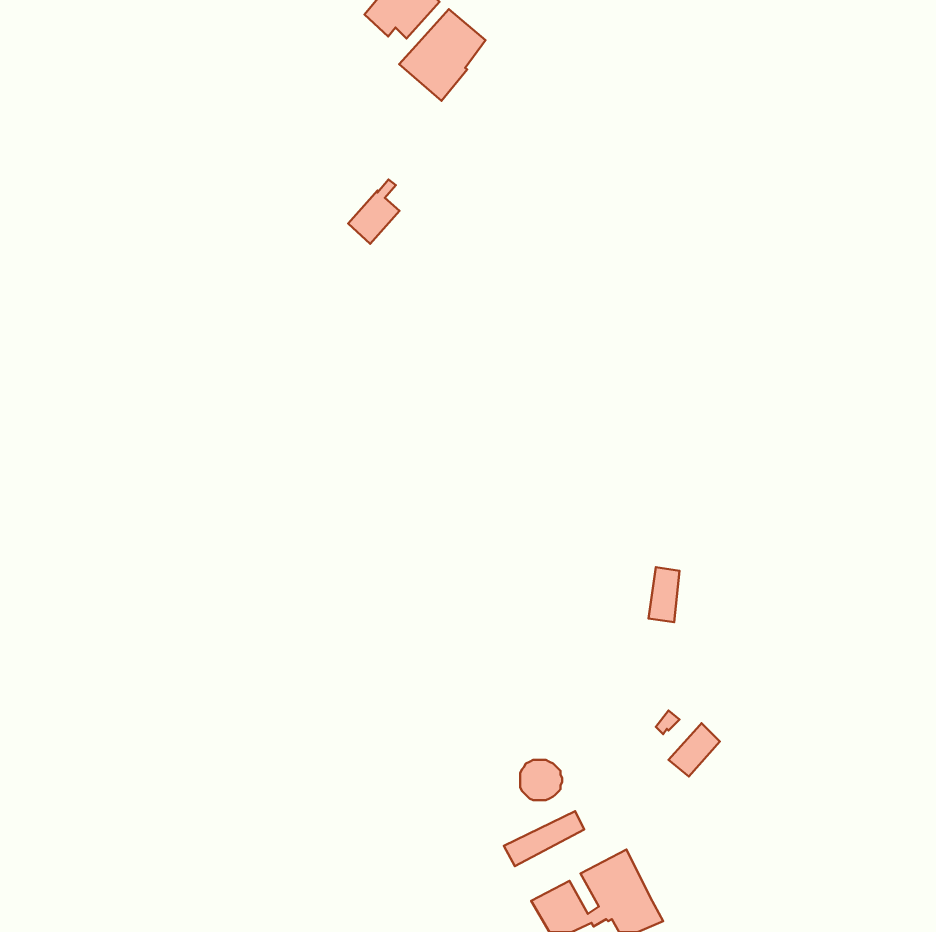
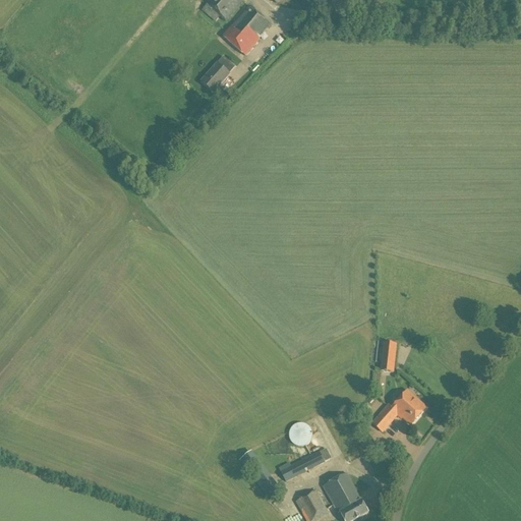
building: [348,180,399,244] -> [201,56,230,92]
building: [648,567,680,622] -> [380,341,397,371]
building: none -> [393,390,426,422]

